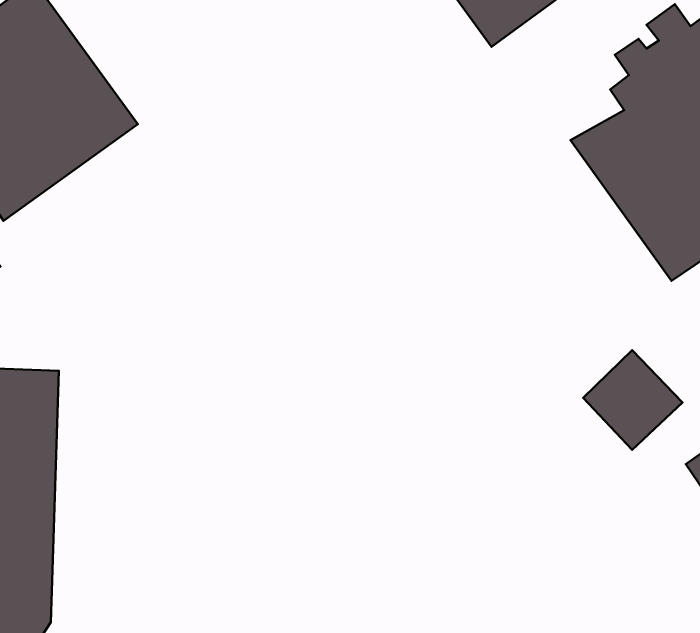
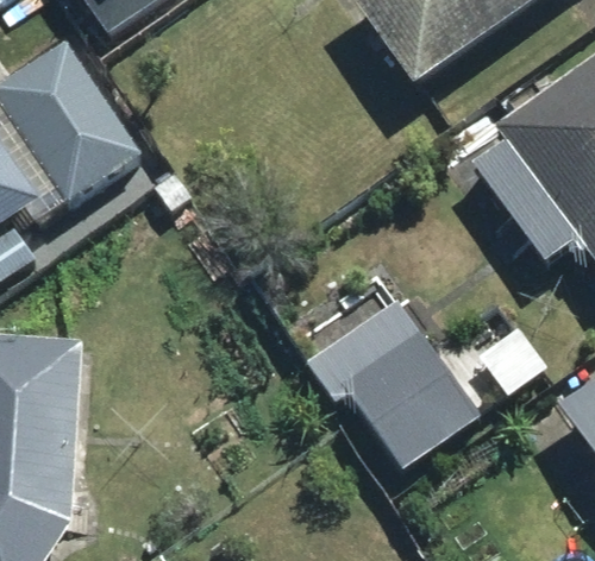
building: none -> [307,290,482,467]

